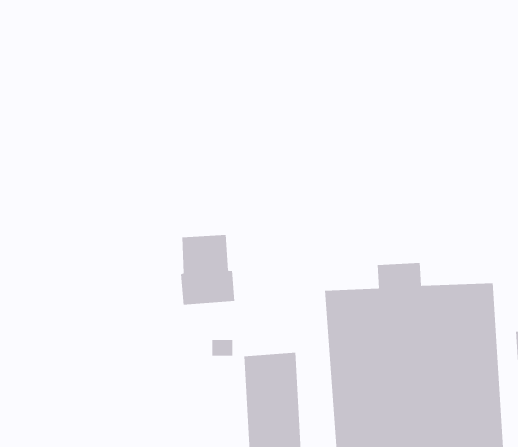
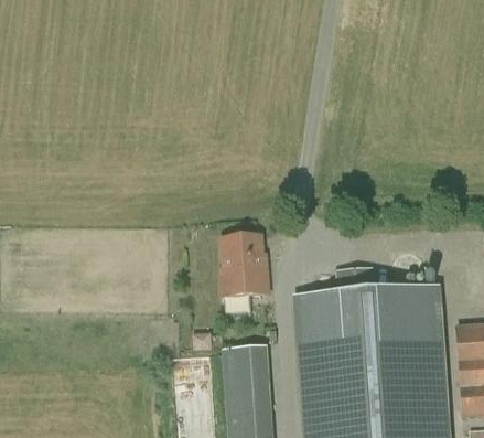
building: [180,235,235,305] -> [224,237,271,298]

